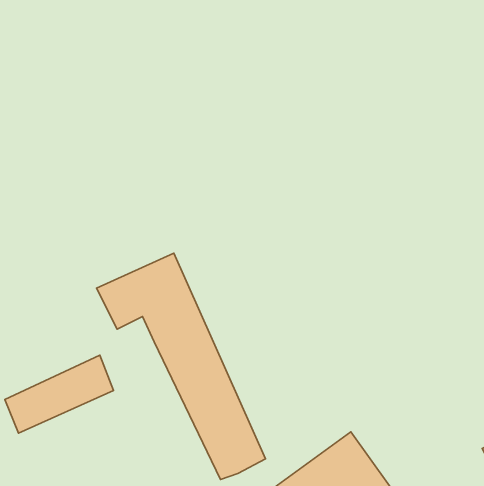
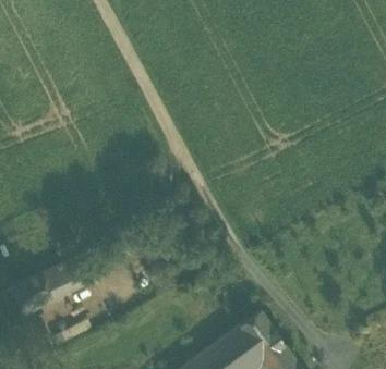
building: [97,253,265,479] -> none

